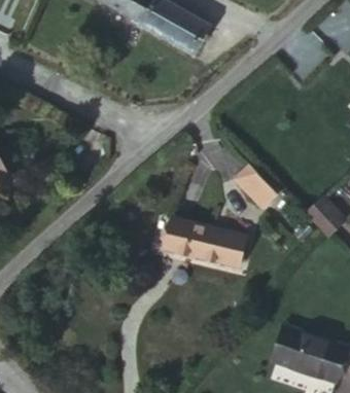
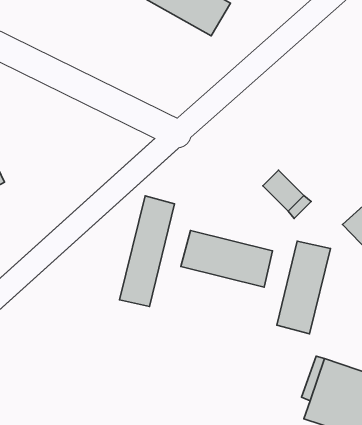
building: none -> [120,196,174,306]
building: none -> [277,241,331,334]

